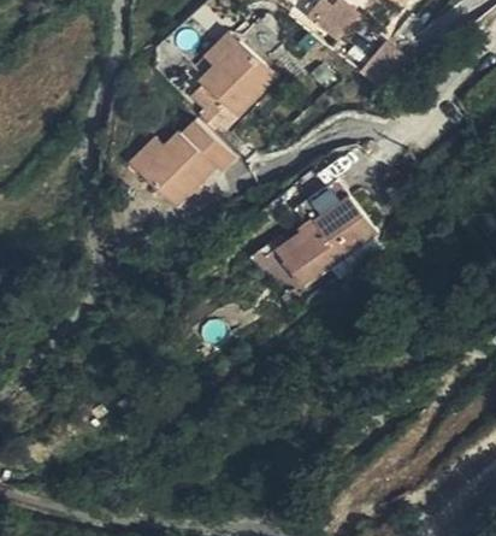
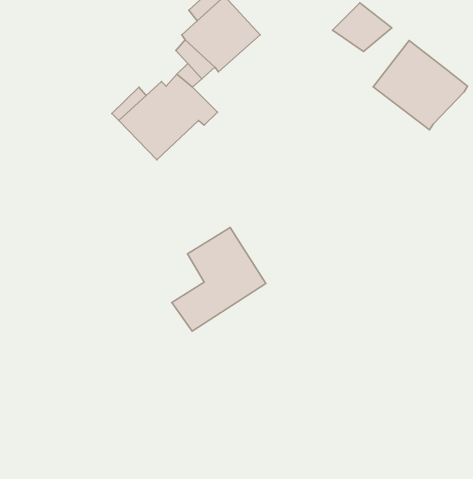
building: none -> [373,40,467,130]
building: [277,182,372,287] -> [172,228,266,331]

